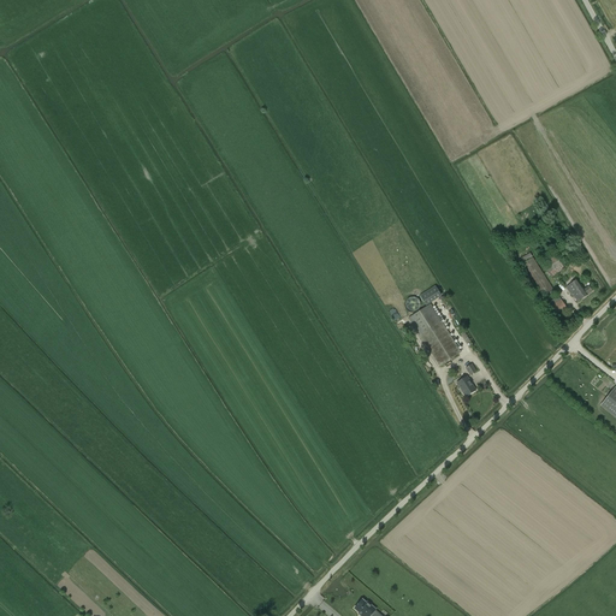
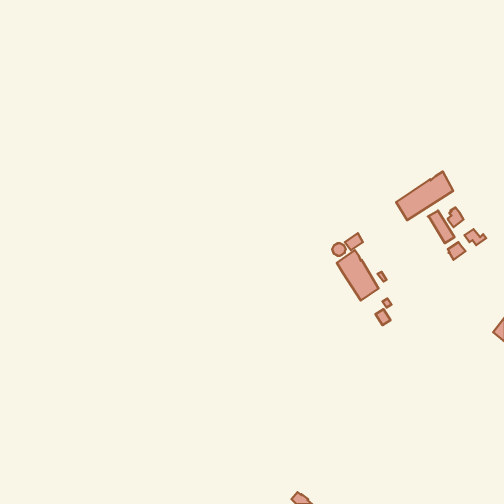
building: none -> [396,172,453,220]

